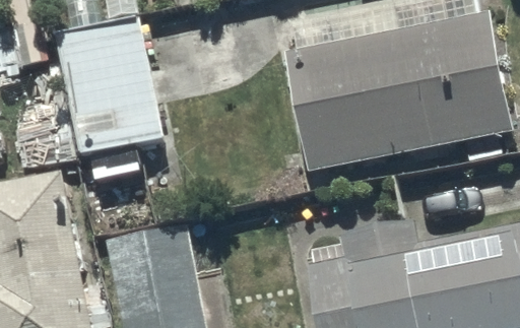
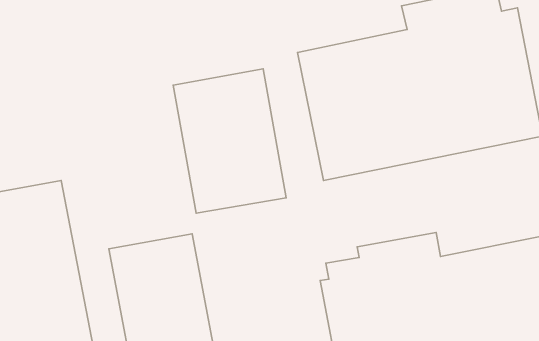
building: [58,17,164,152] -> [173,69,286,213]

